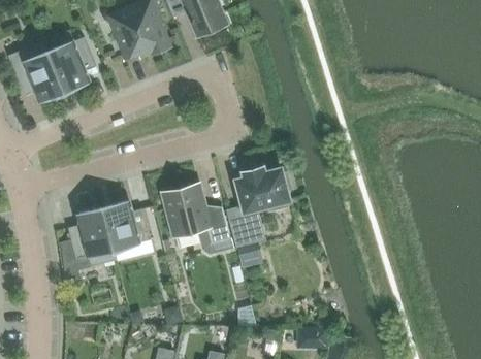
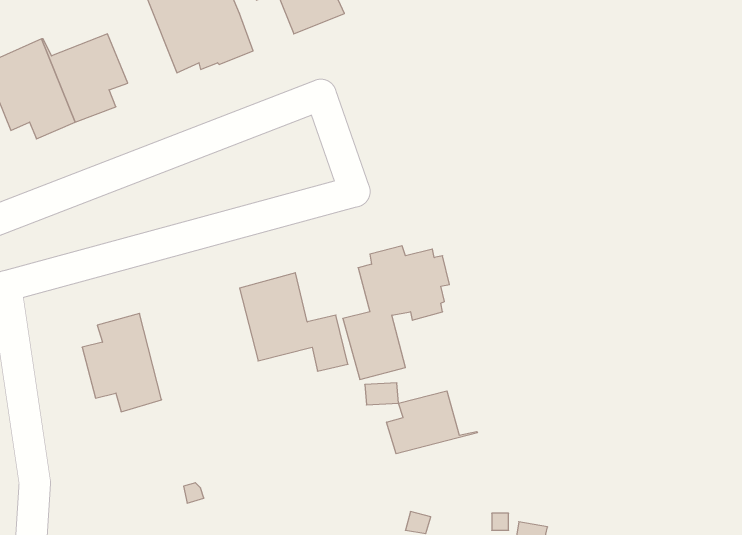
building: [103,201,151,260] -> none
building: none -> [387,391,477,454]

